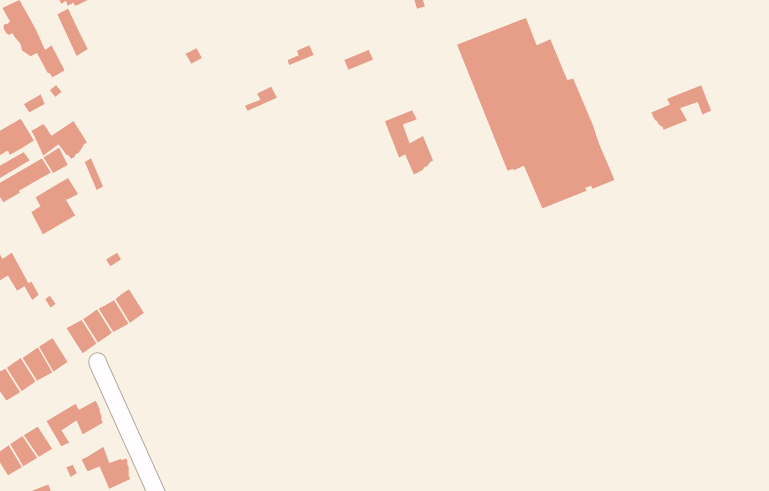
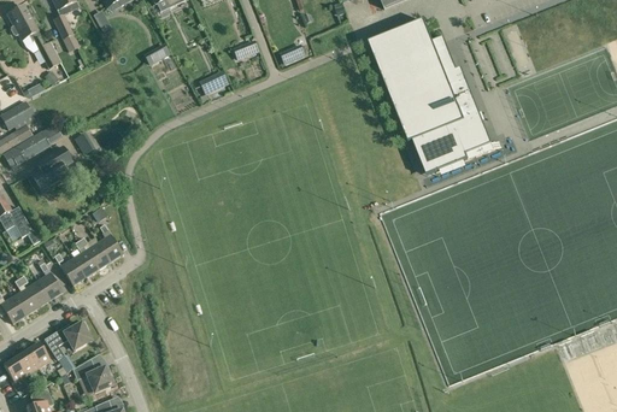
building: [650,85,712,131] -> none
building: [384,109,434,175] -> none
building: [31,119,88,160] -> none

